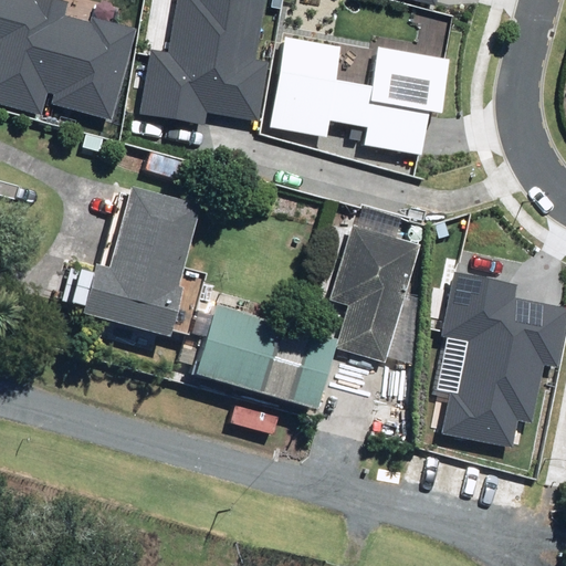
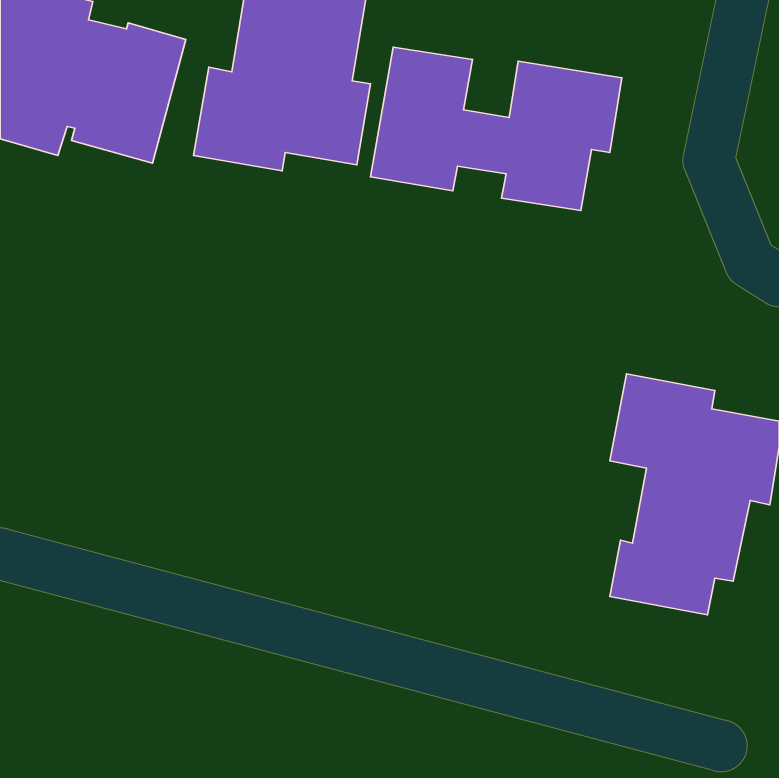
building: [78,189,333,410] -> none
building: [332,226,421,363] -> none

